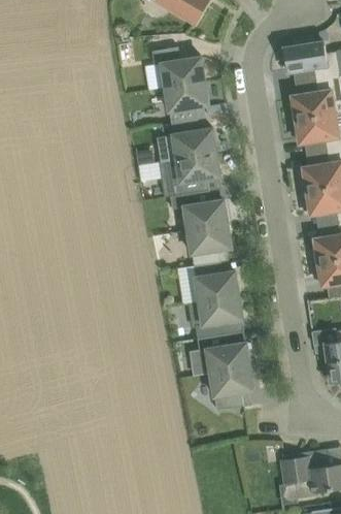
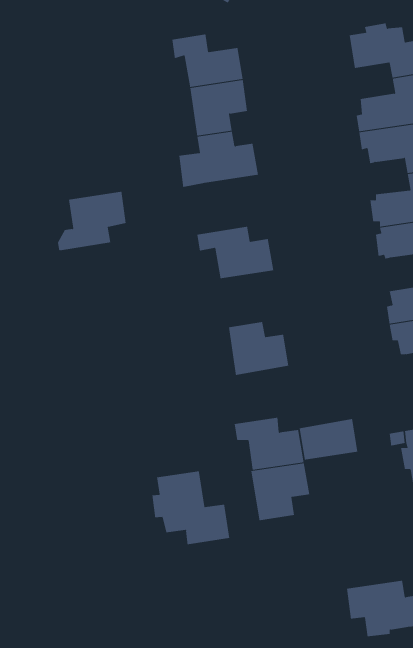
building: [168,152,219,196] -> [57,191,126,251]
building: [187,223,231,265] -> none
building: [199,294,243,325] -> [299,419,358,460]
building: none -> [152,470,230,545]

